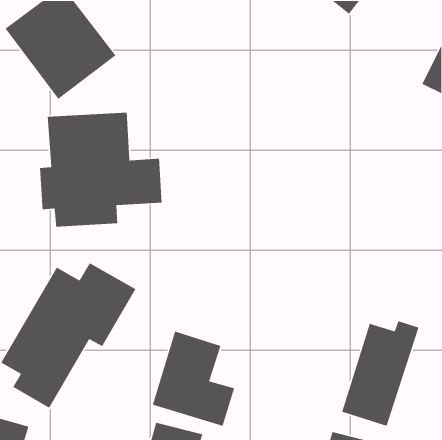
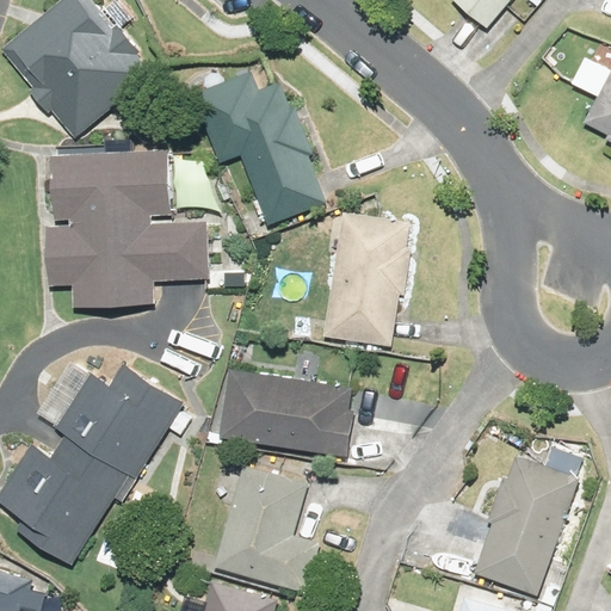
building: none -> [197,75,332,222]
building: none -> [321,206,408,342]
building: none -> [212,362,348,461]

